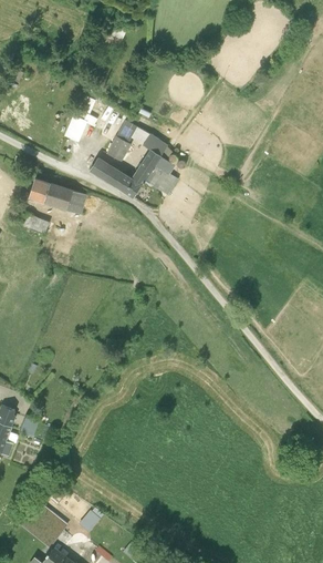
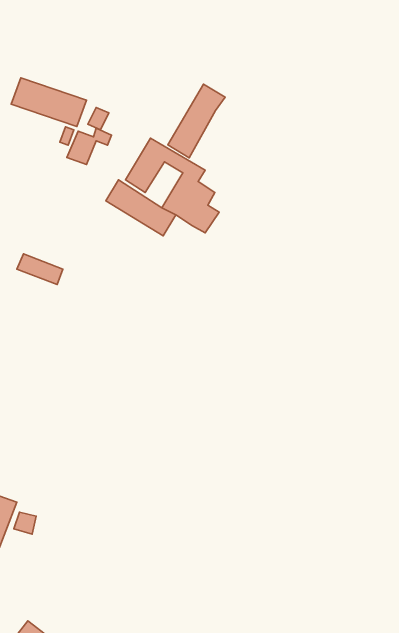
building: none -> [168,84,225,158]
building: [27,177,86,216] -> [11,78,86,127]

